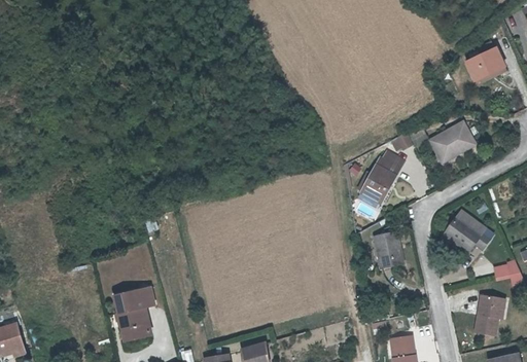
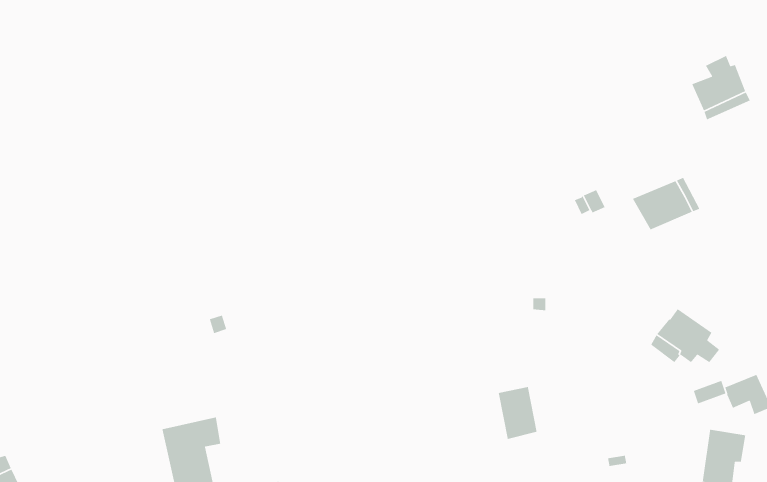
building: [359,150,403,198] -> none
building: [375,232,401,268] -> [498,386,538,440]

